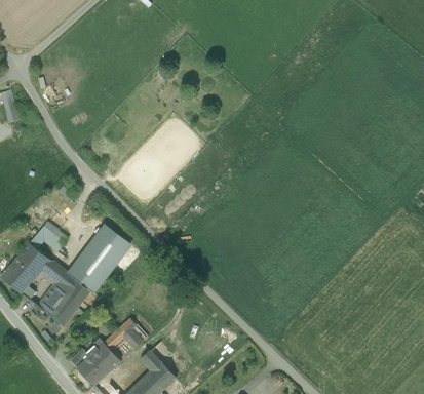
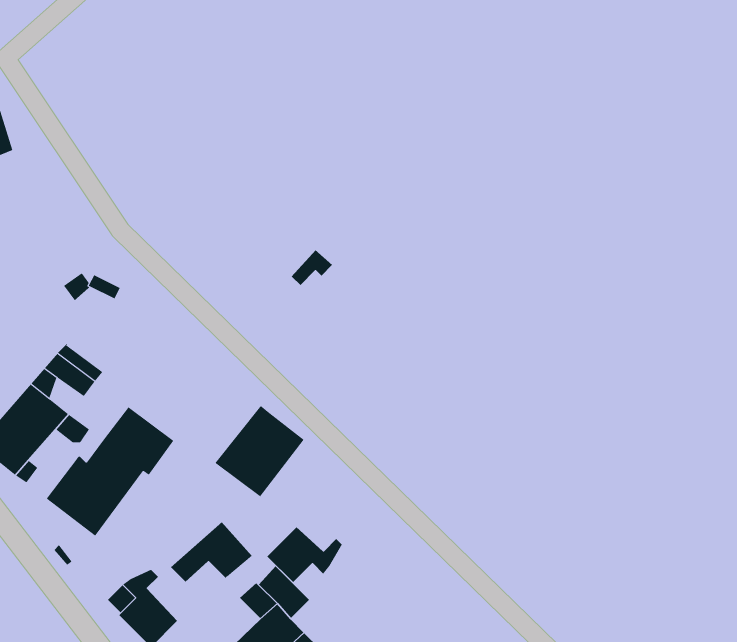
building: [81,226,129,275] -> [214,405,304,497]
building: none -> [266,526,342,583]
building: [91,339,120,371] -> none

